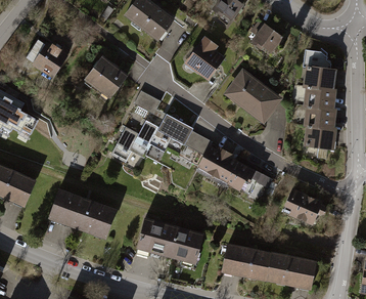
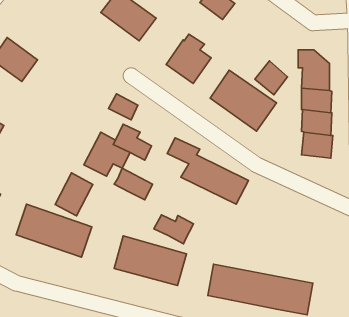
building: [253,24,282,54] -> [255,61,287,95]
building: [84,53,130,98] -> none
building: [157,115,192,143] -> [114,168,153,200]
building: none -> [55,173,93,216]
building: [281,189,324,225] -> none
building: none -> [154,215,193,244]

